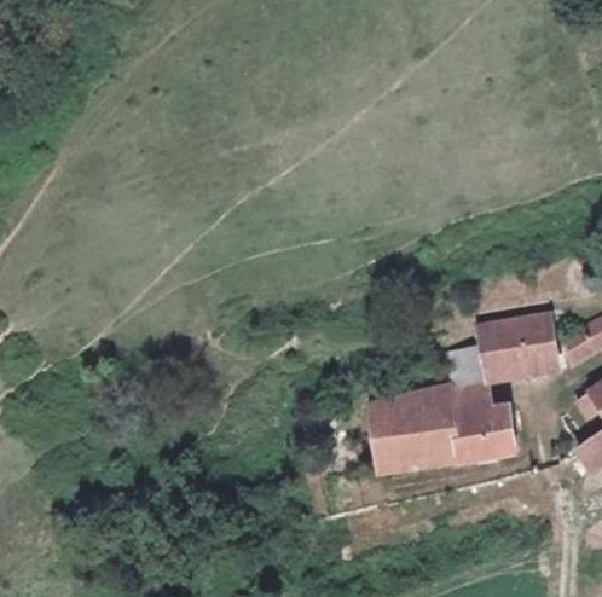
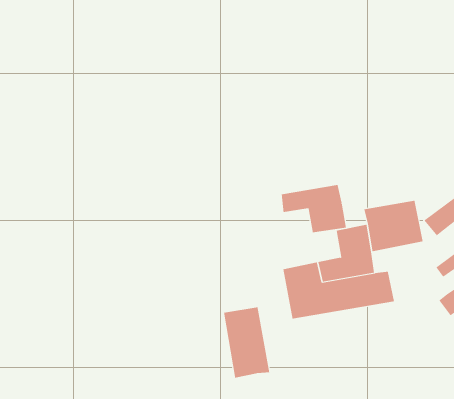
building: none -> [281,184,347,233]
building: none -> [223,307,270,379]

